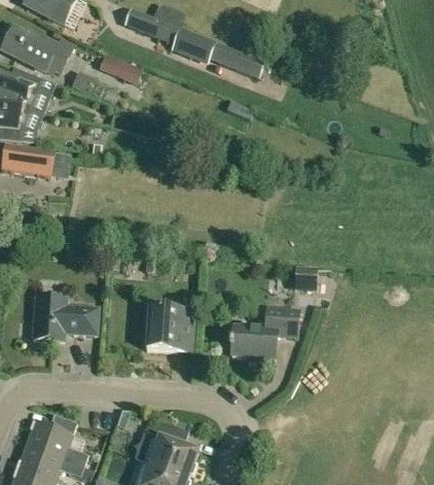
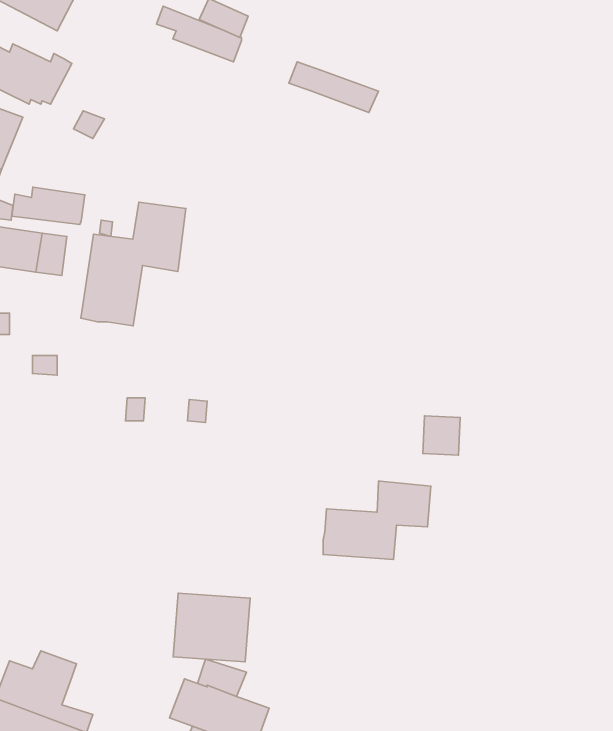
building: [172,28,215,62] -> none
building: [100,53,142,83] -> none
building: none -> [12,187,85,225]
building: none -> [81,202,186,326]
building: [32,296,99,342] -> none
building: [145,308,193,351] -> [173,593,250,662]

